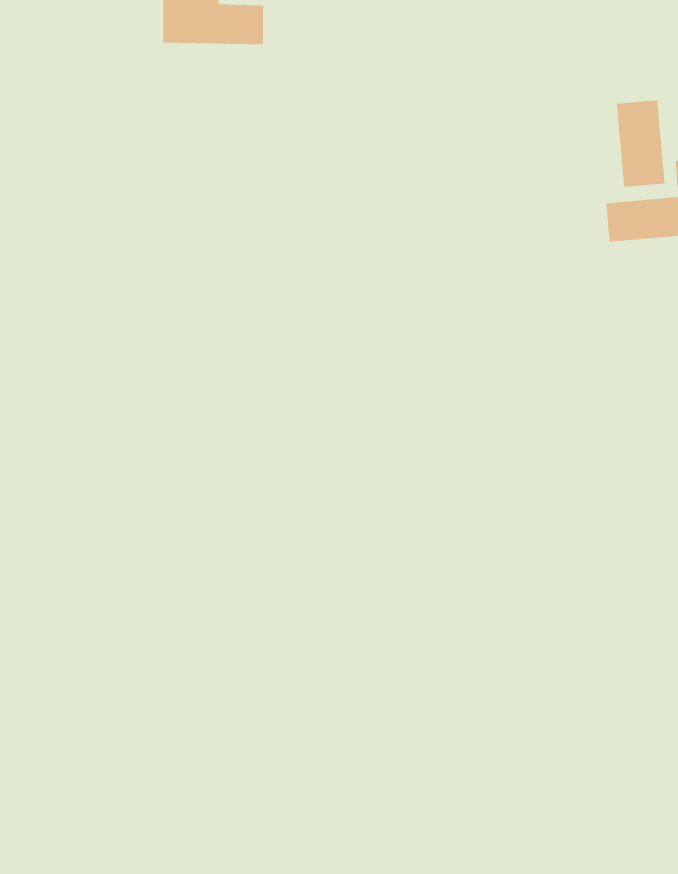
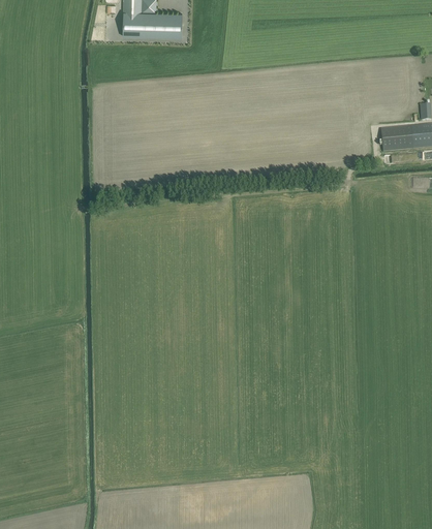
building: [616,99,665,188] -> none

